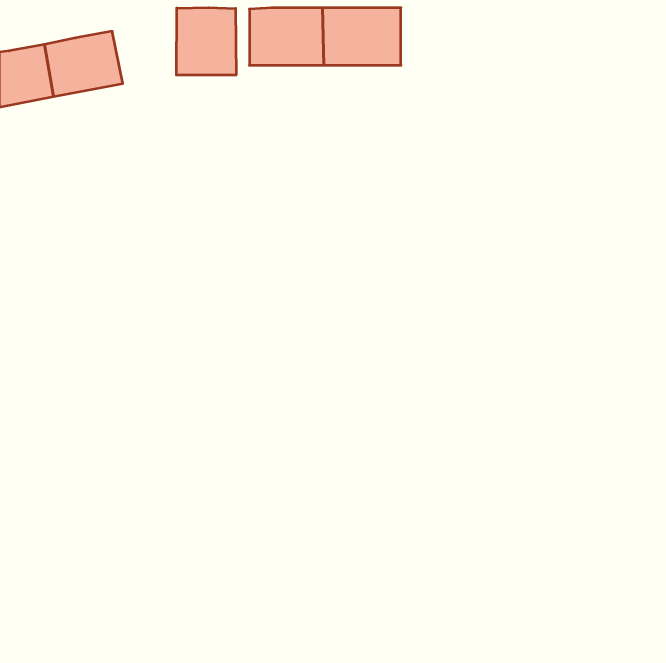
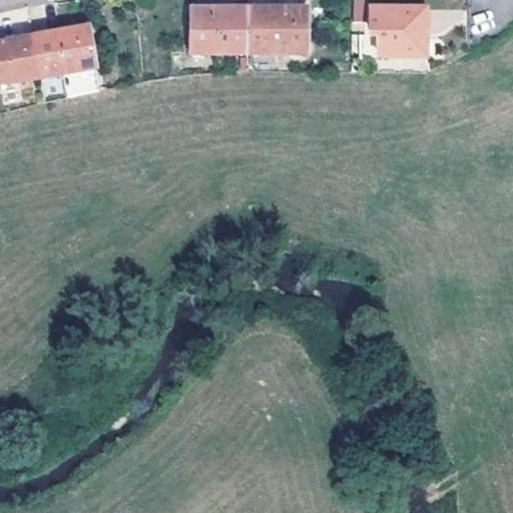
building: none -> [369,5,425,53]
building: [176,8,236,75] -> none

